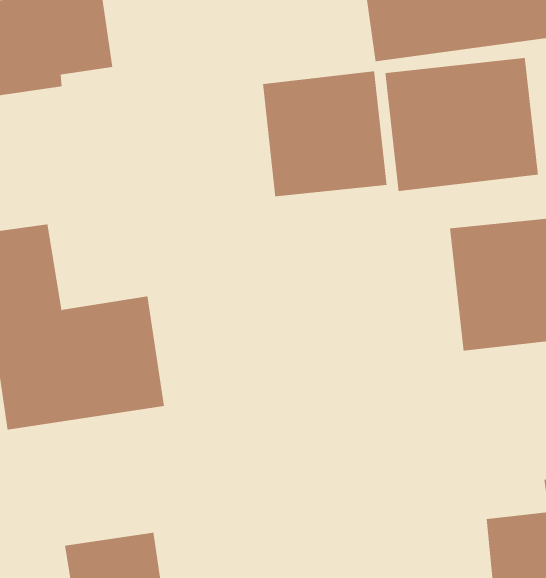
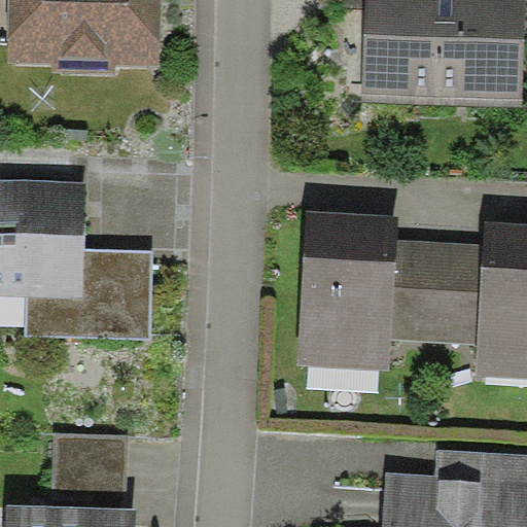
building: [385,57,539,192] -> none
building: [262,70,387,197] -> none
building: none -> [296,209,400,370]

